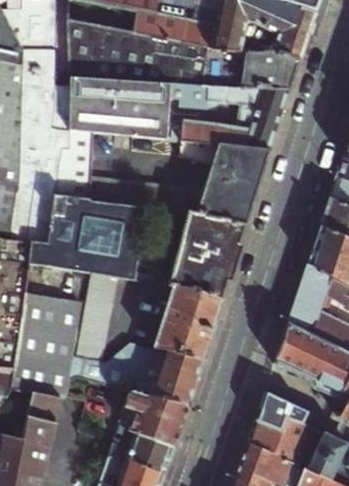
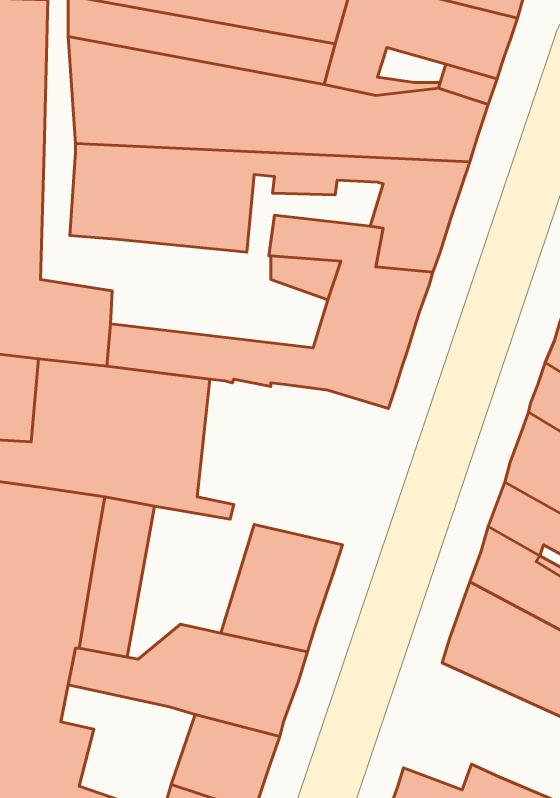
building: [54,84,96,160] -> none
building: [171,211,244,299] -> none
building: [252,390,312,433] -> none

